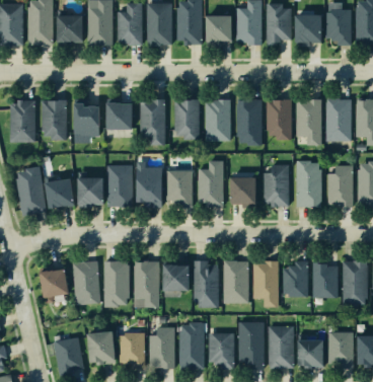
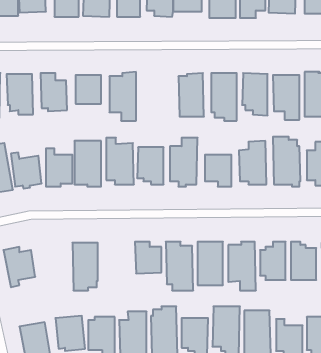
building: [174,100,199,139] -> none
building: [73,260,100,304] -> none
building: [135,260,159,307] -> none

